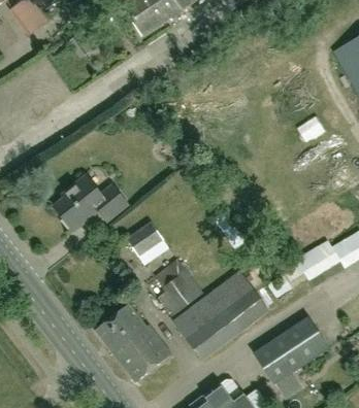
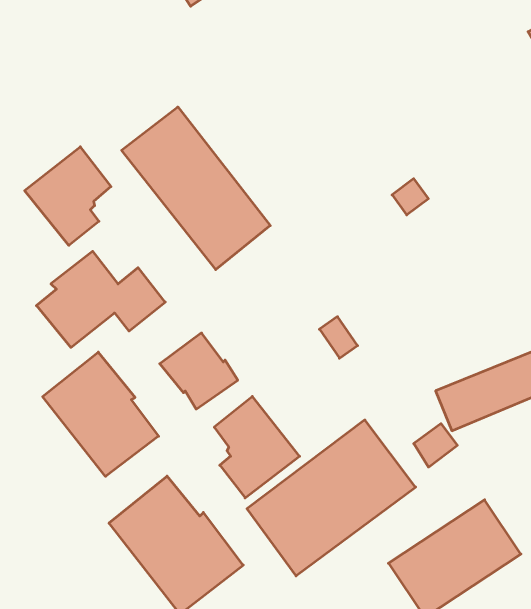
building: none -> [122,107,270,270]
building: none -> [25,147,111,245]
building: none -> [43,352,159,476]

